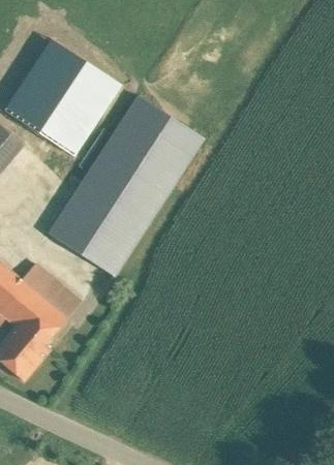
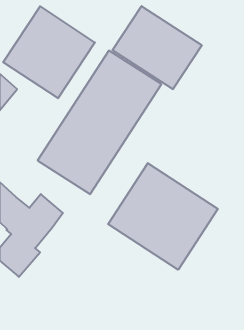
building: none -> [113,6,202,89]
building: none -> [108,163,218,270]

